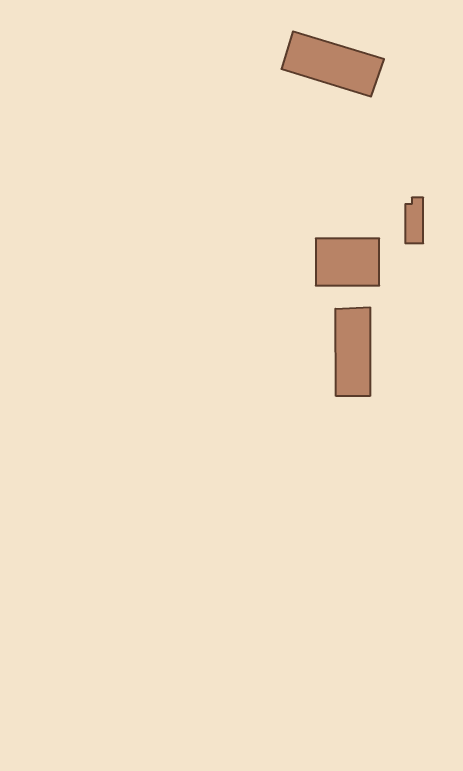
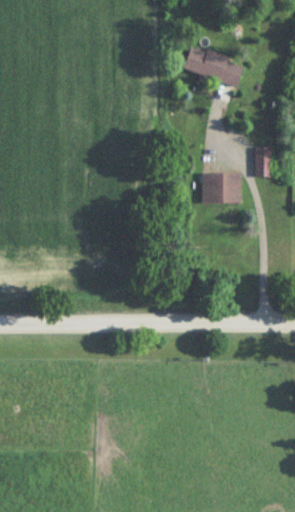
building: [335,307,370,396] -> none

